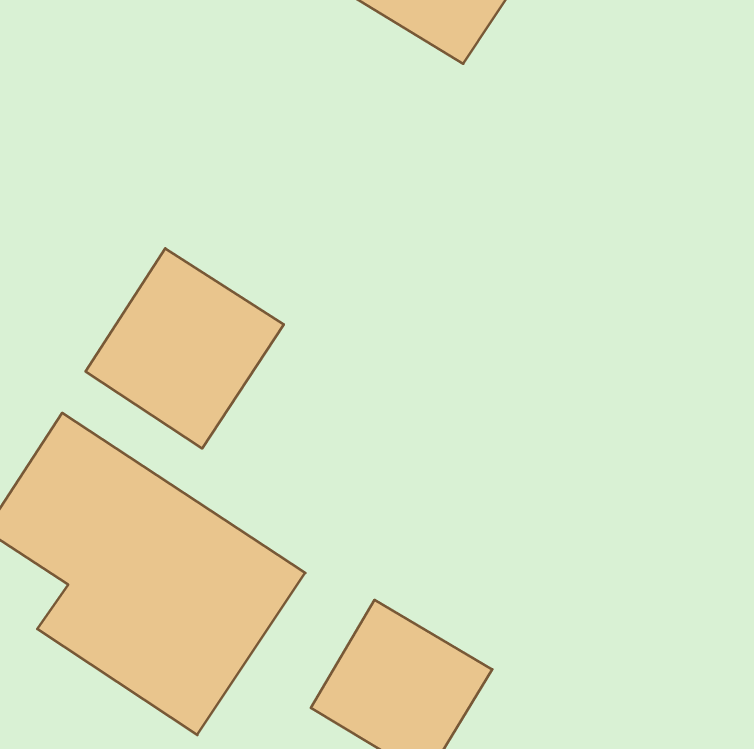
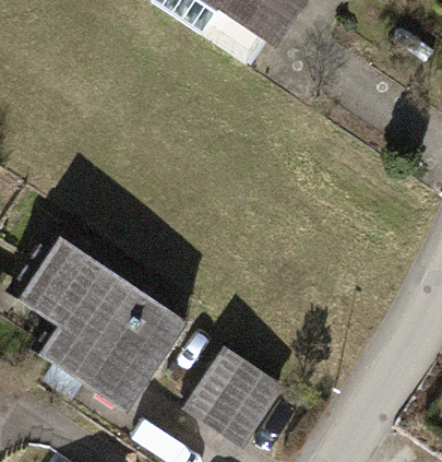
building: [86,248,284,448] -> none

